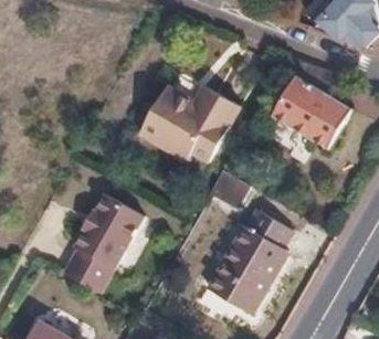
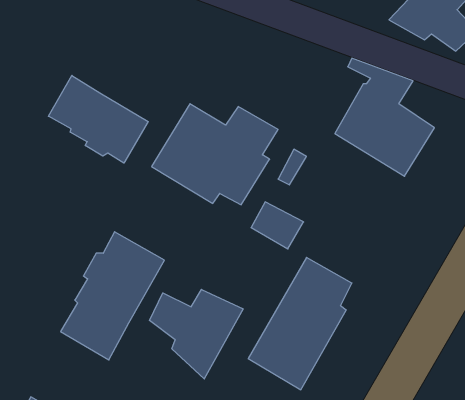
building: none -> [48,75,148,163]
building: none -> [150,289,243,379]

